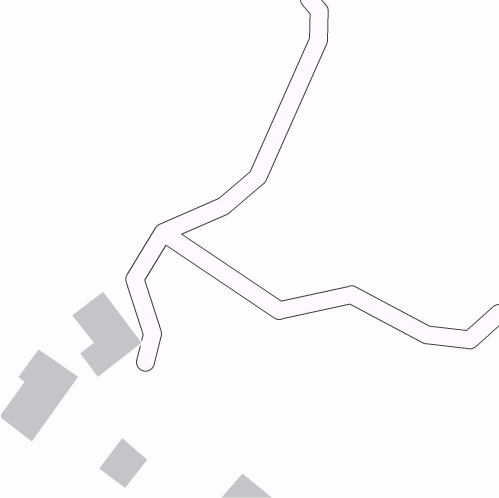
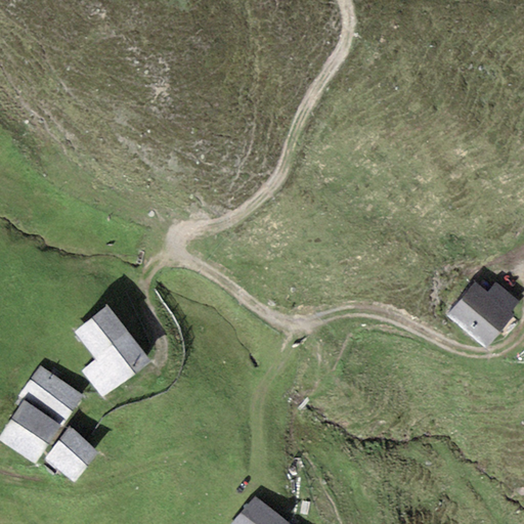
building: none -> [446,281,519,348]
building: [98,437,148,489] -> [45,427,97,481]

